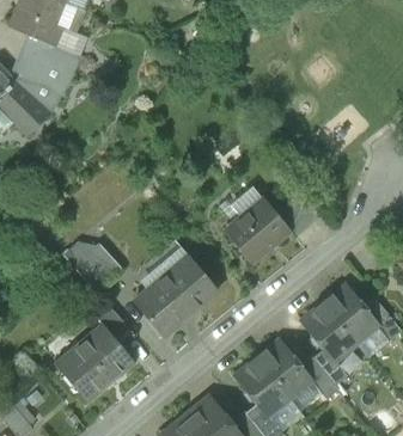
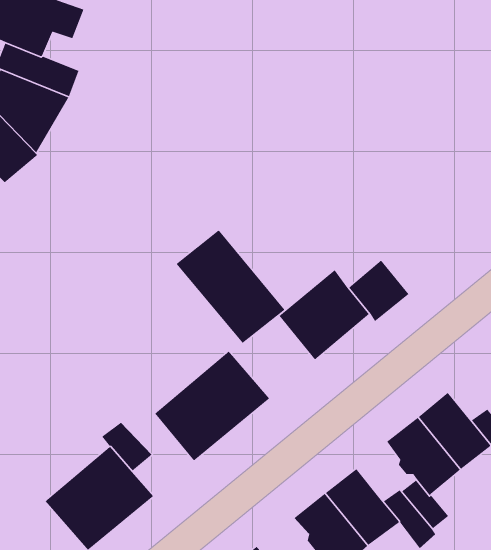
building: none -> [175,230,285,344]
building: [74,245,121,291] -> none

